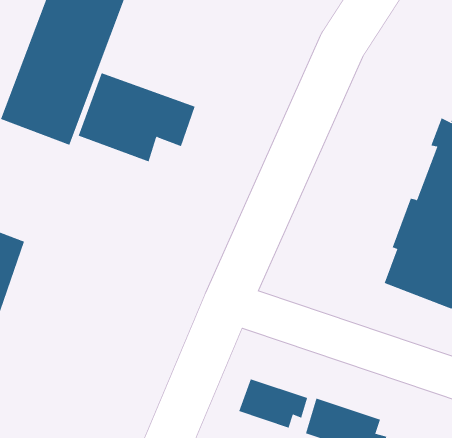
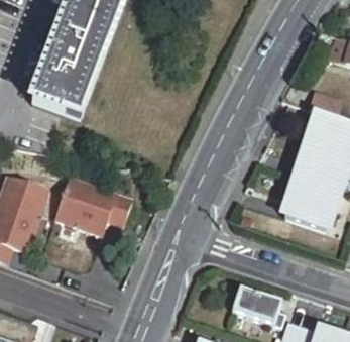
building: [78,72,196,162] -> [53,175,130,233]
building: [239,378,308,428] -> none

